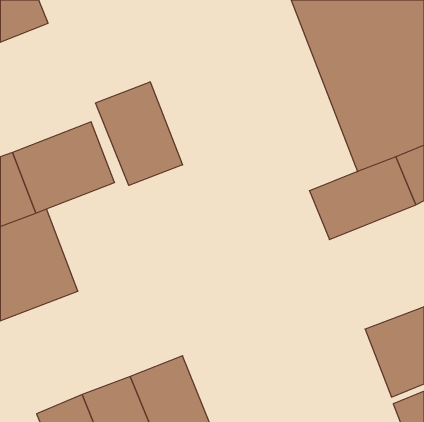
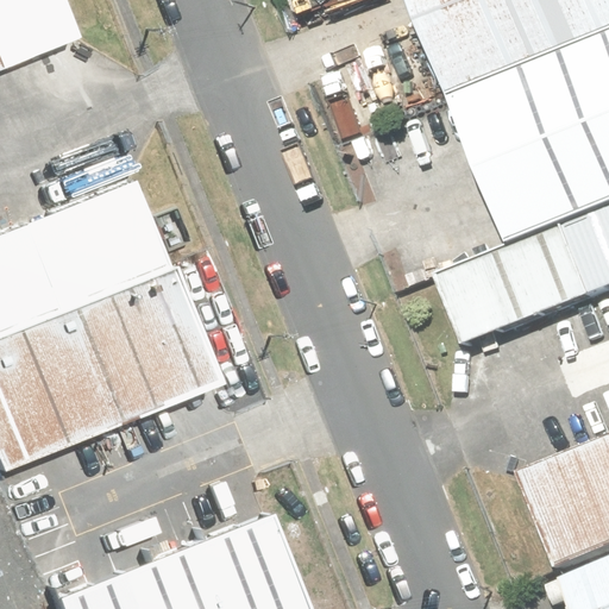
building: [96,82,183,185] -> none
building: none -> [67,264,211,420]

